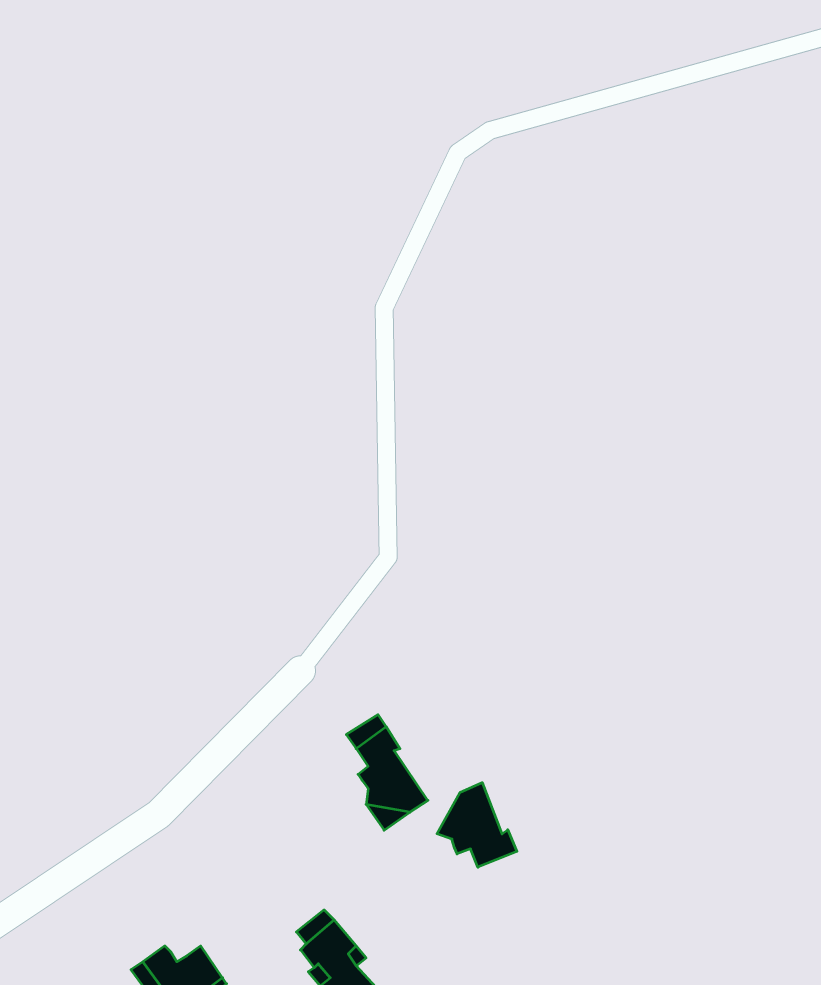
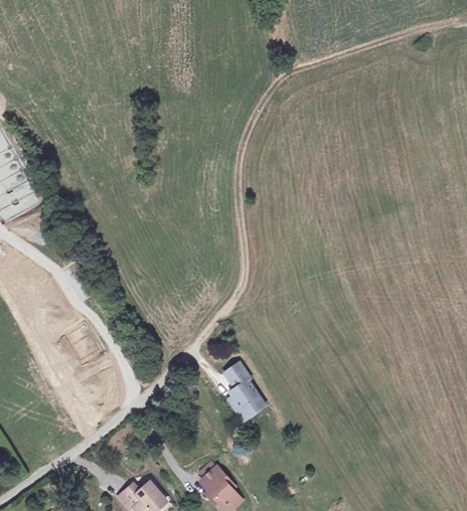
building: [437,783,517,867] -> none

